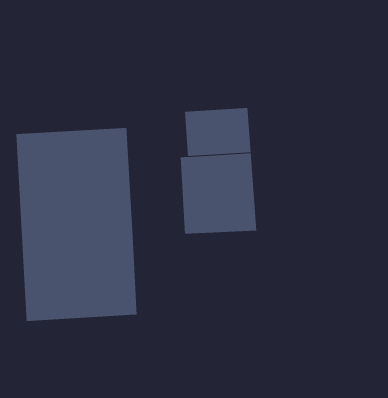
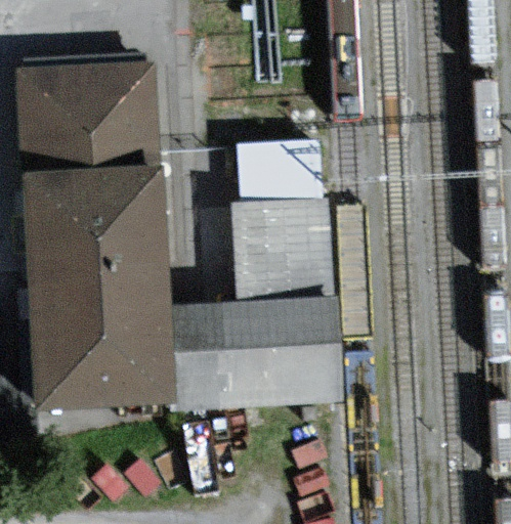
building: none -> [15,59,164,172]
building: none -> [168,296,336,411]

